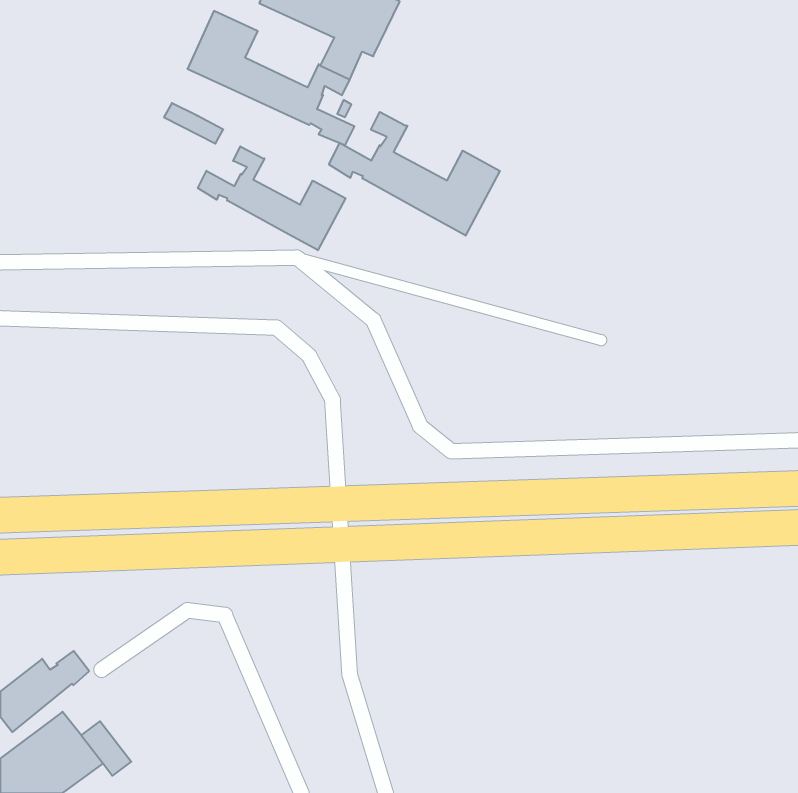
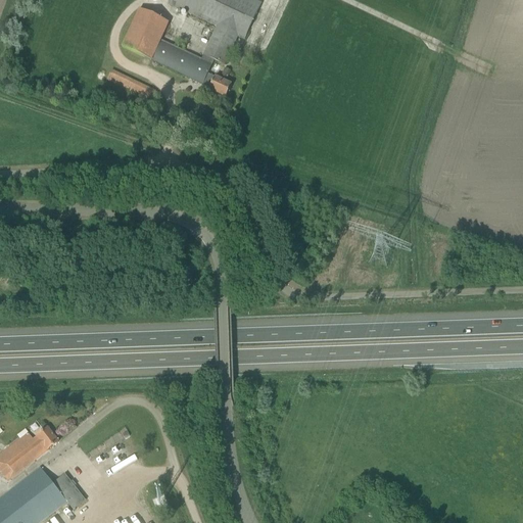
building: [329,112,500,236] -> none
building: [198,146,346,250] -> none

